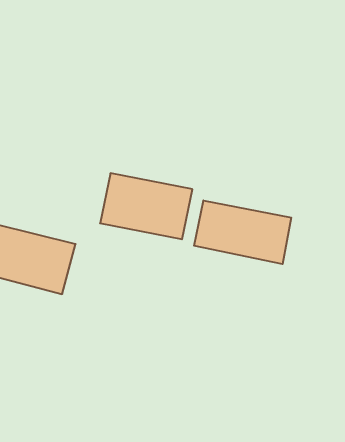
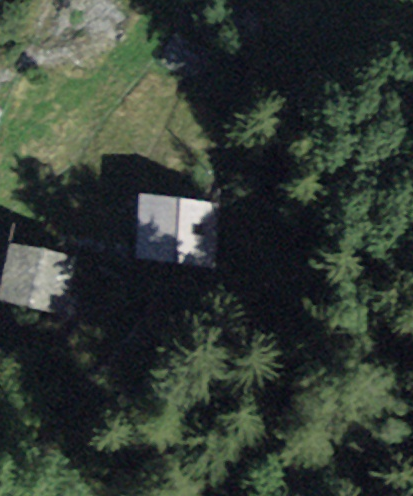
building: [194,200,291,264] -> none

